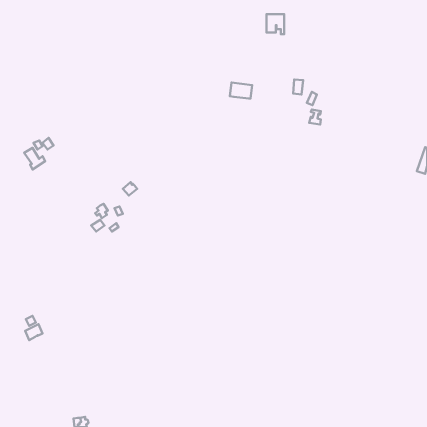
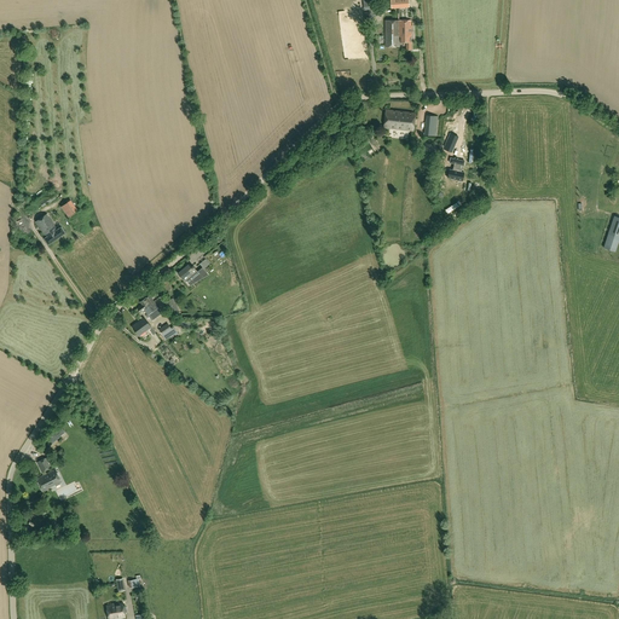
building: [230,83,252,99] -> [383,109,416,132]

